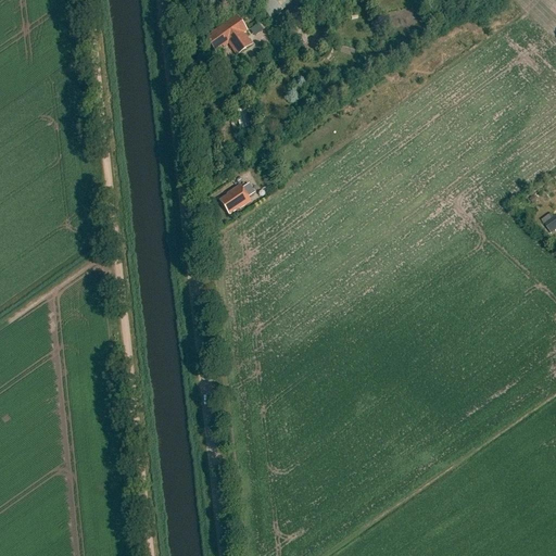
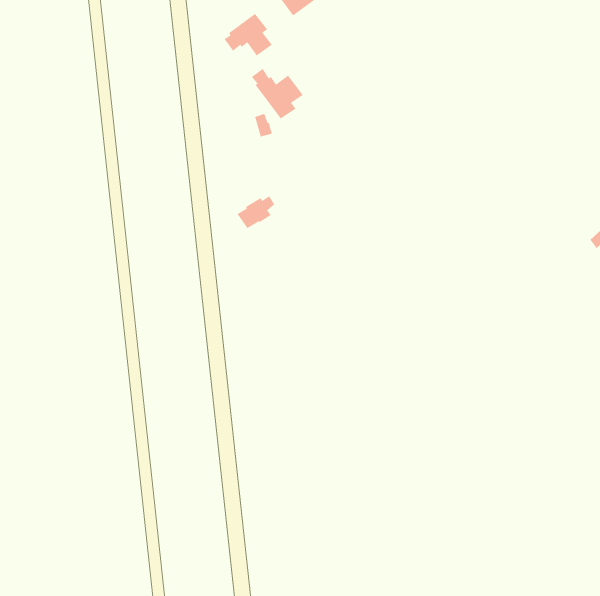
building: none -> [251,68,304,120]

